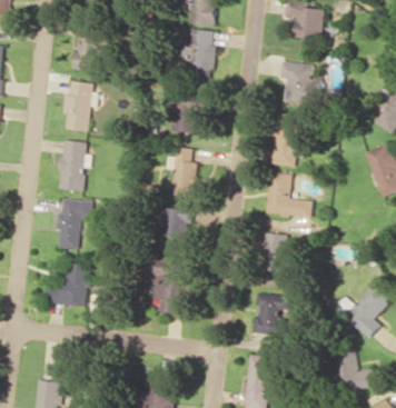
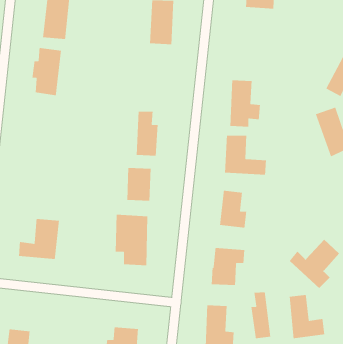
building: [279,62,315,105] -> none
building: [170,92,204,133] -> none
building: [58,140,91,190] -> none
building: [57,199,92,249] -> none
building: none -> [251,292,271,339]

